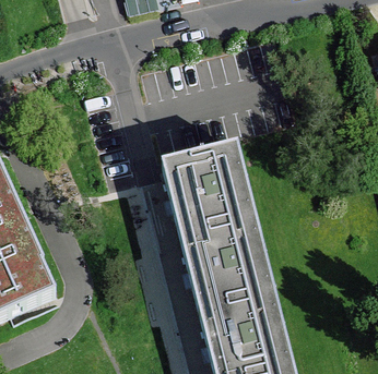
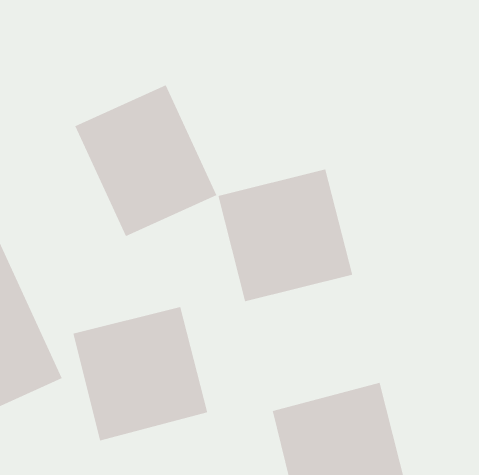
building: none -> [74,84,218,237]
building: [180,214,273,306] -> [72,306,208,441]

